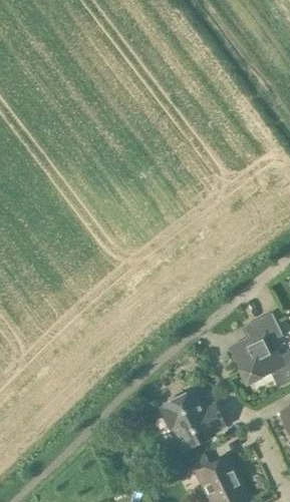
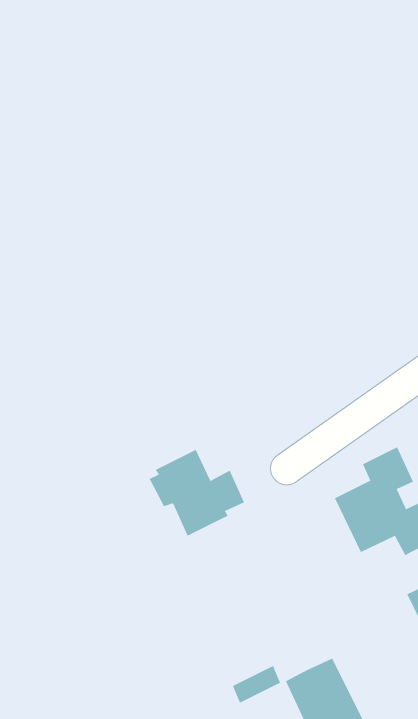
building: [160,390,225,449] -> [149,449,245,536]

